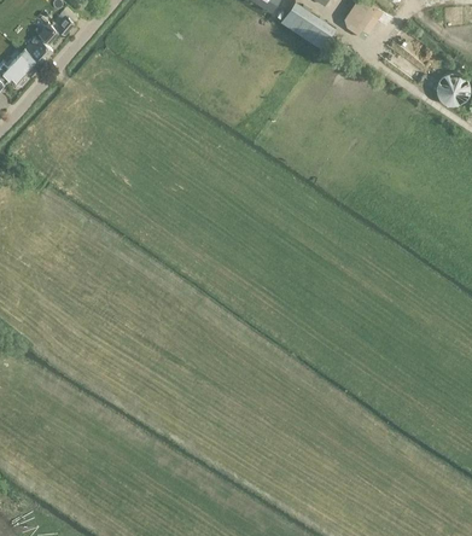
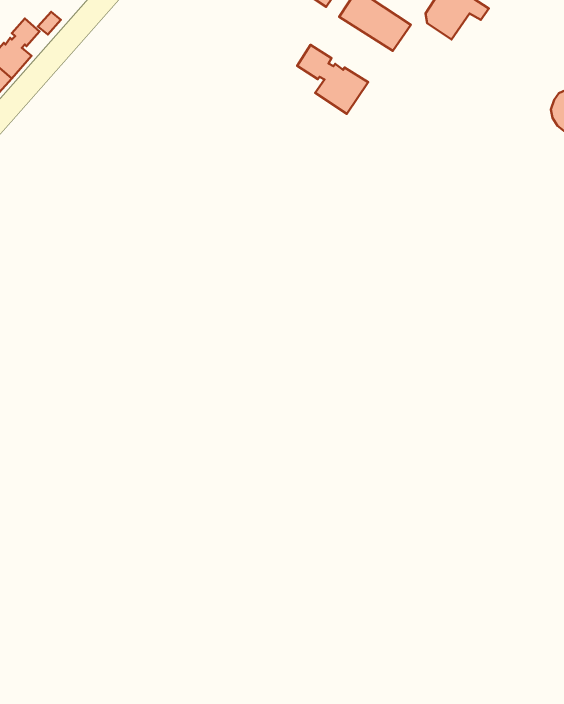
building: none -> [297,45,368,114]

